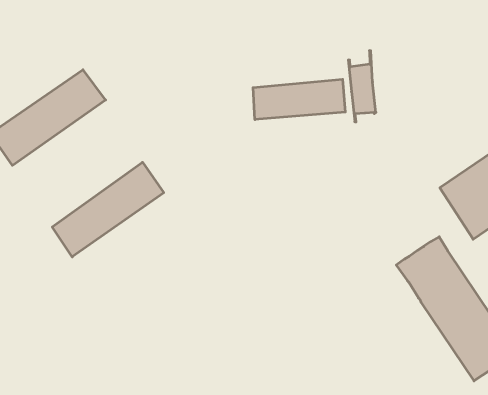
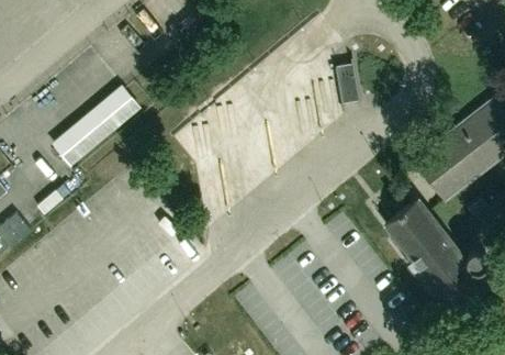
building: [253,79,345,120] -> none
building: [52,162,164,257] -> none

